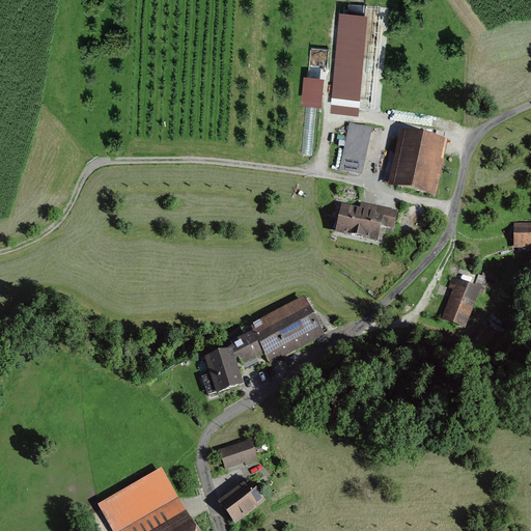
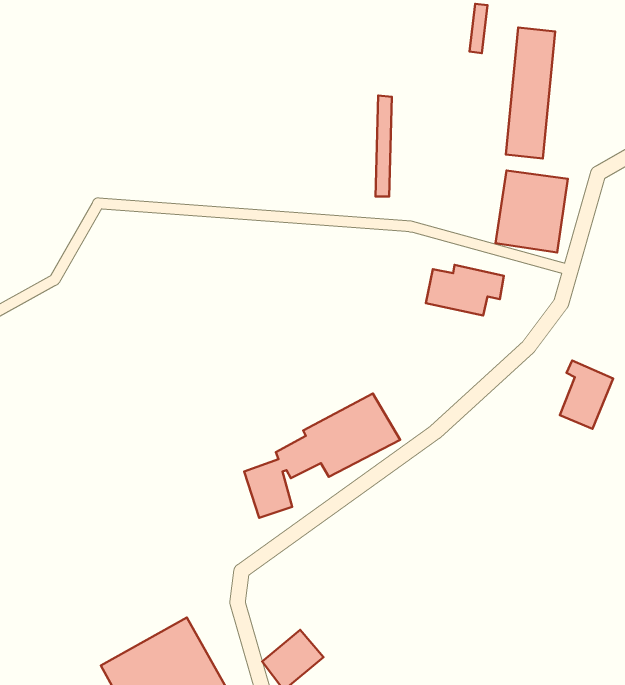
building: [333,7,370,107] -> [506,27,555,159]
building: [339,120,375,172] -> none
building: [215,438,253,466] -> none

